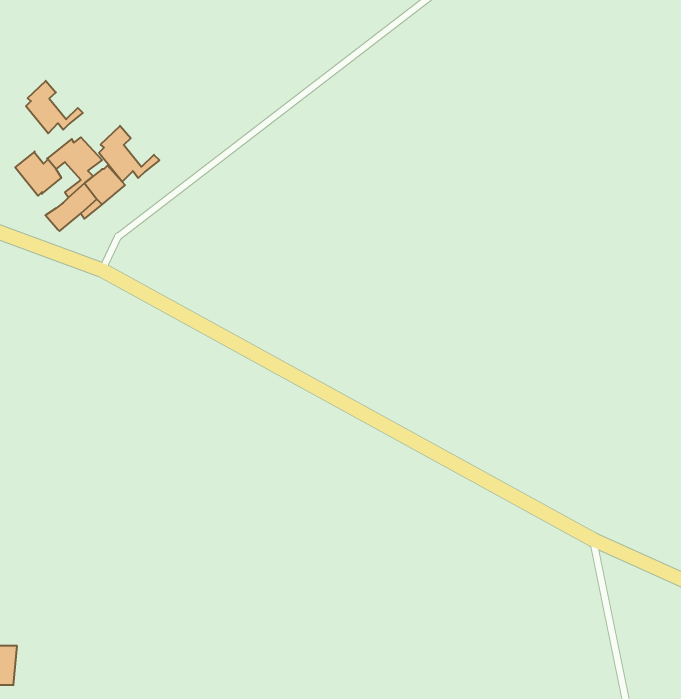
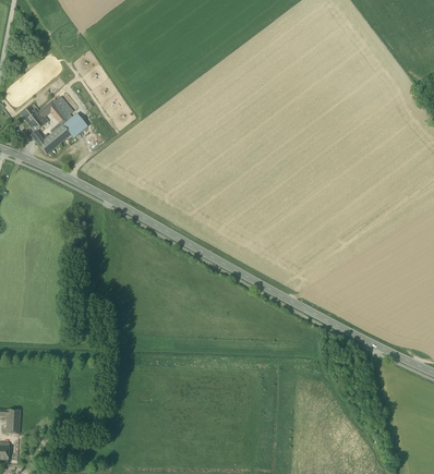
building: [26,81,83,133] -> none
building: [99,126,159,182] -> none

